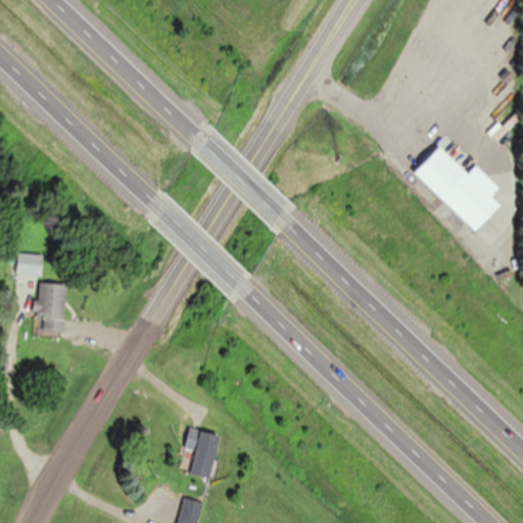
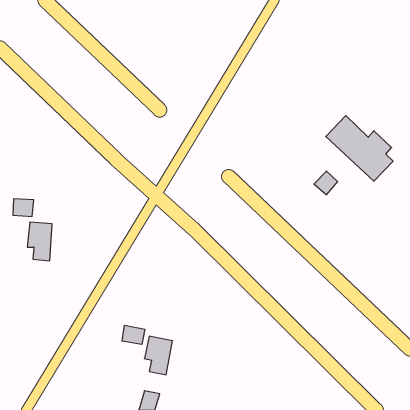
building: none -> [314,171,338,195]
building: none -> [122,325,145,344]

